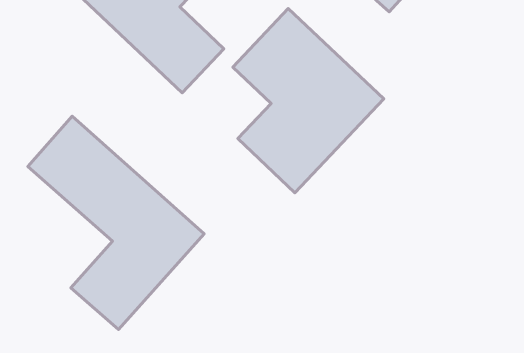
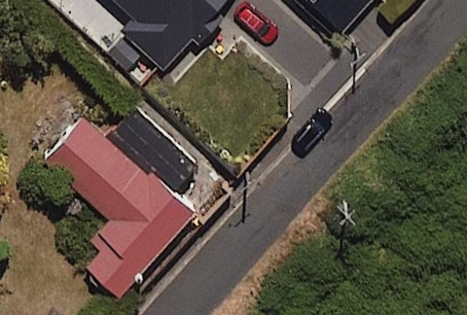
building: [233,8,384,193] -> none

